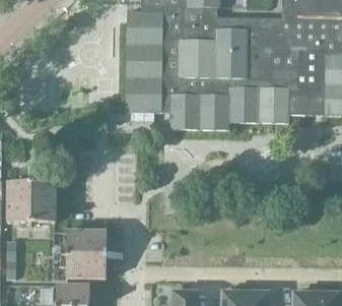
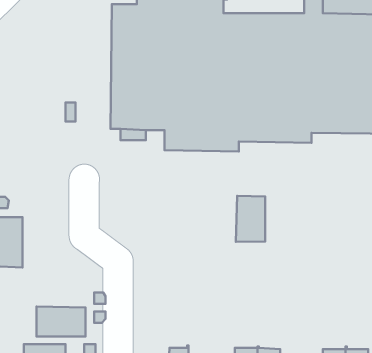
building: none -> [236,196,265,242]
building: [66,231,107,255] -> none

